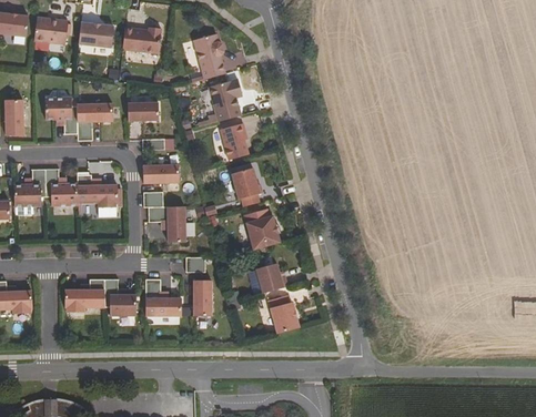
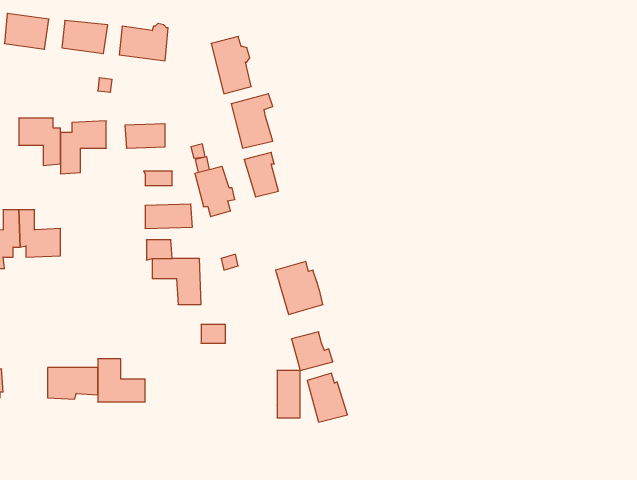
building: [232,167,263,206] -> [195,166,235,217]
building: [78,174,118,207] -> none
building: [145,278,182,315] -> none
building: [194,279,212,316] -> [277,370,300,418]

